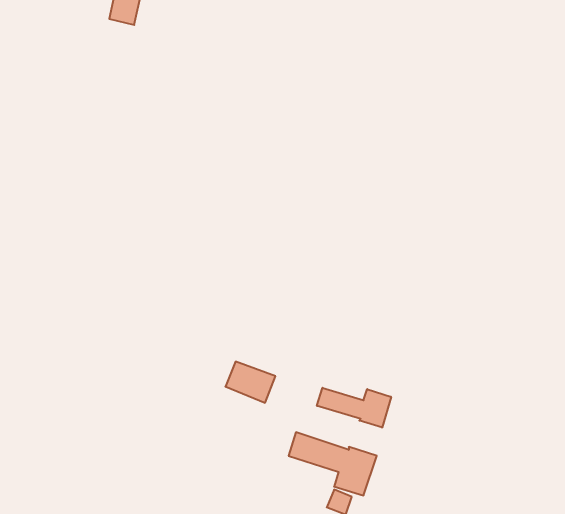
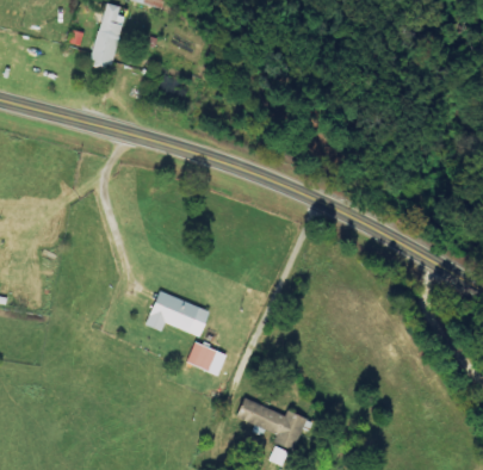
building: none -> [145,290,209,336]
building: [317,388,391,428] -> none

